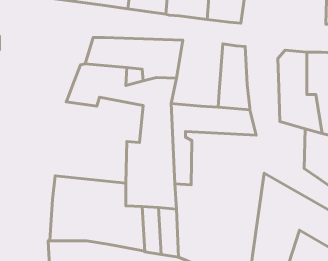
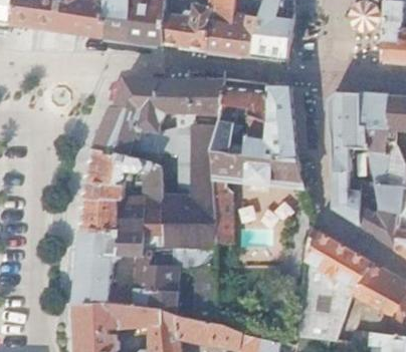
building: none -> [210,80,267,153]
building: none -> [81,148,161,239]
building: none -> [331,170,359,223]

